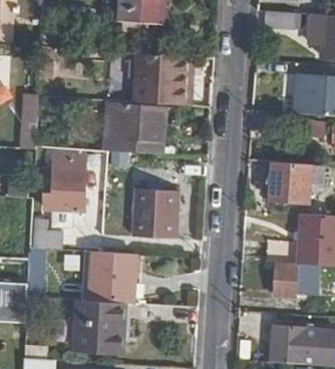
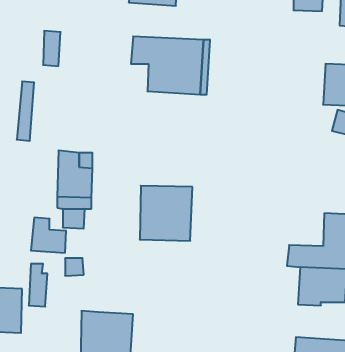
building: [101,101,162,152] -> none
building: [271,161,311,201] -> none
building: [91,251,137,305] -> none

